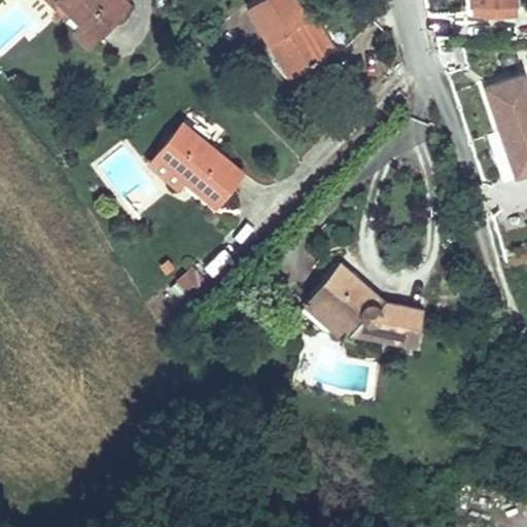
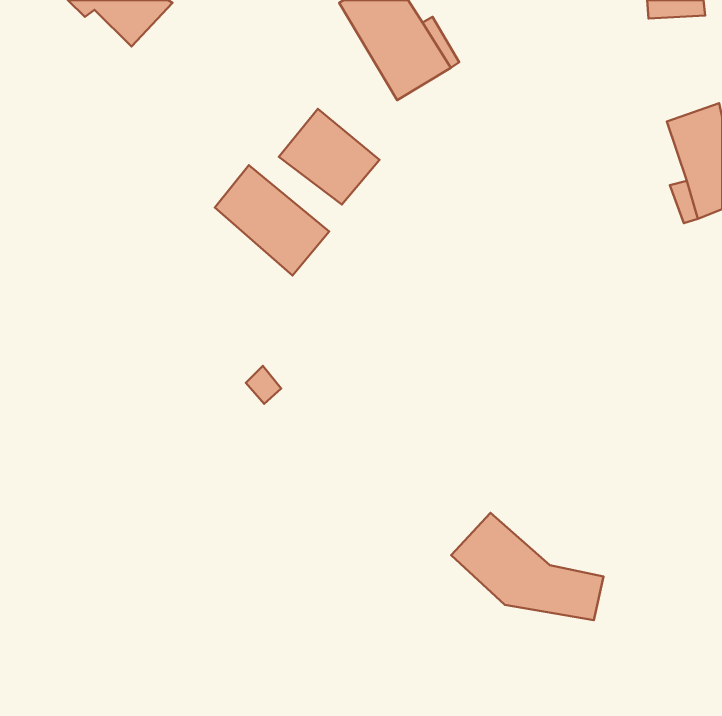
building: none -> [279,109,379,205]
building: [313,266,424,344] -> [451,513,604,620]

